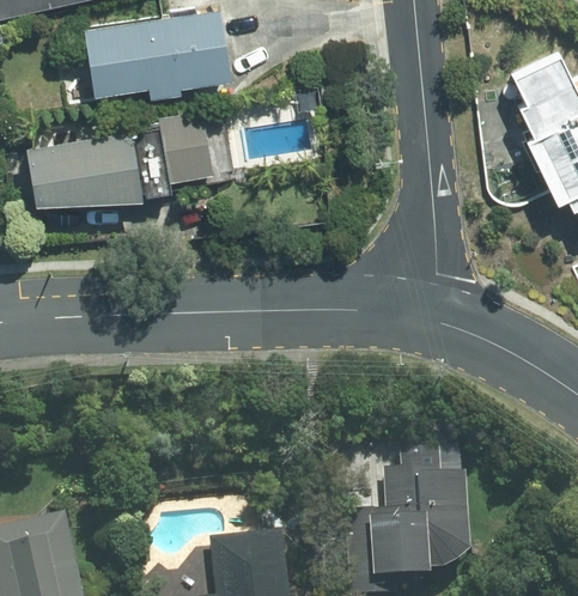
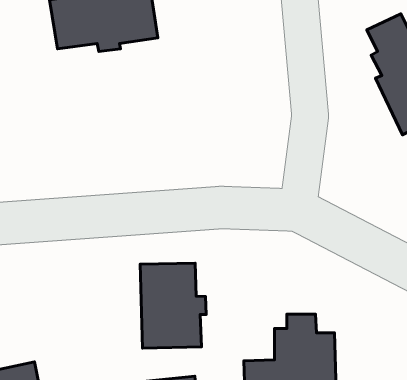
building: [26,111,215,206] -> none
building: none -> [140,263,206,348]

